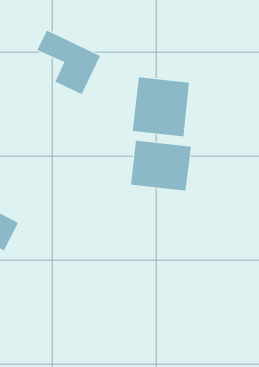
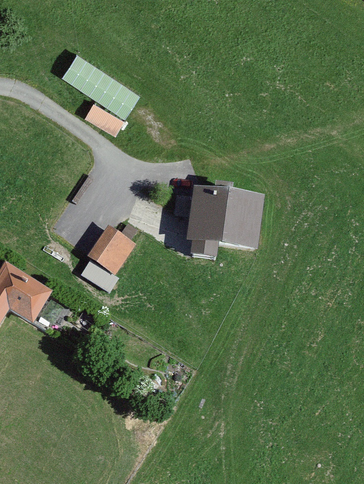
building: [132,76,190,137] -> none
building: none -> [88,224,137,275]

